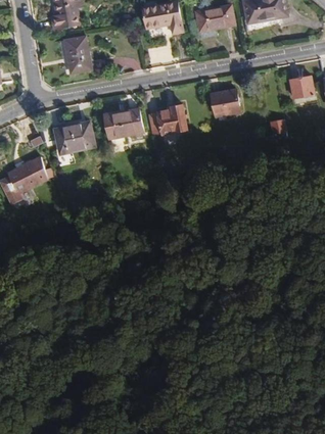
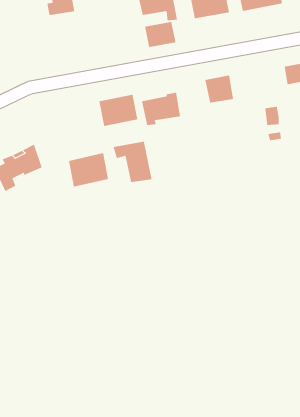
building: none -> [145,21,176,48]
building: [64,37,92,73] -> none
building: [53,120,94,155] -> [68,153,109,187]
building: none -> [113,141,152,183]

